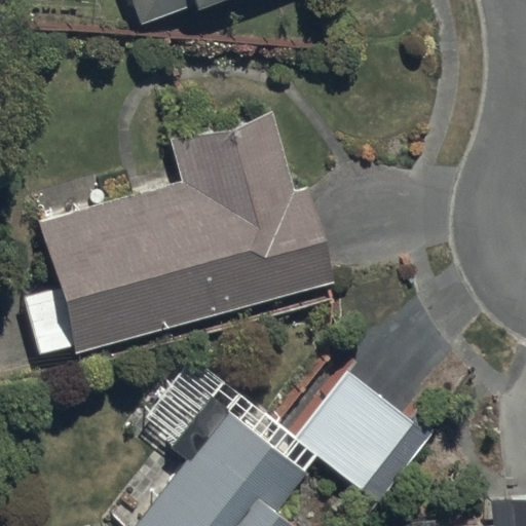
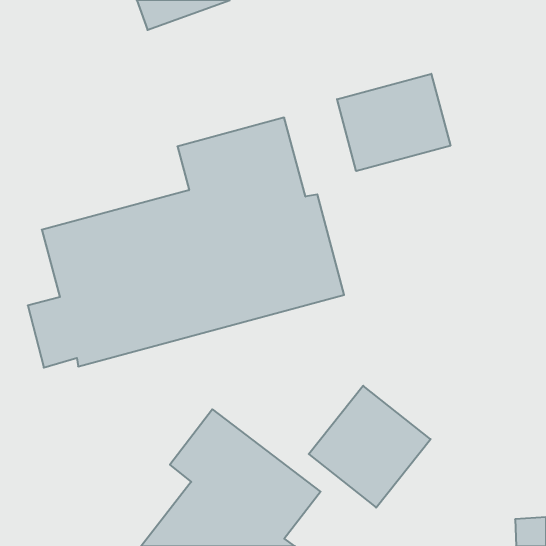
building: none -> [337,74,450,171]

